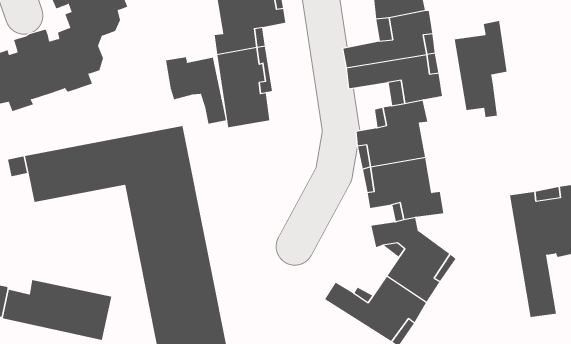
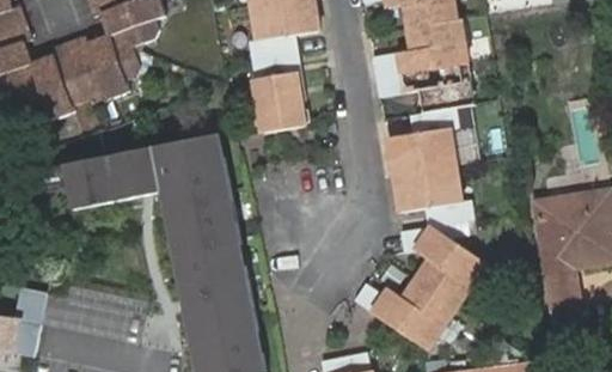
building: [454,20,507,118] -> none
building: [165,56,226,124] -> none

